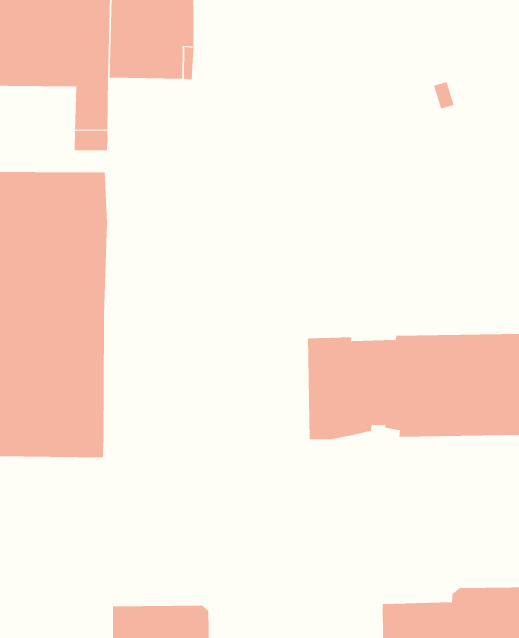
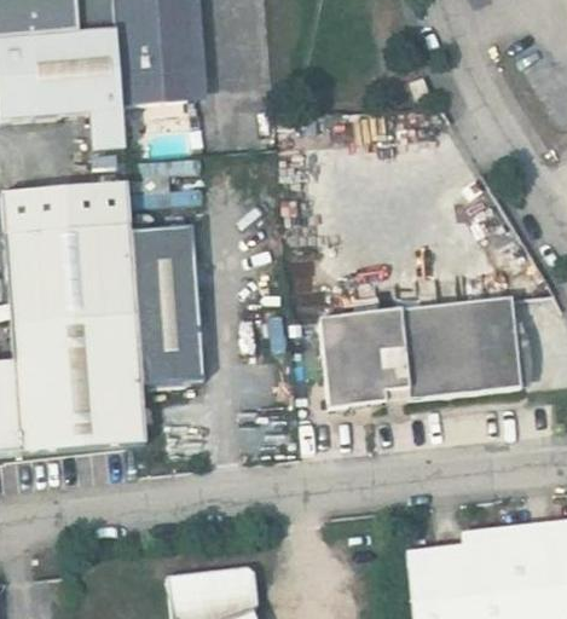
building: none -> [131,227,203,386]

